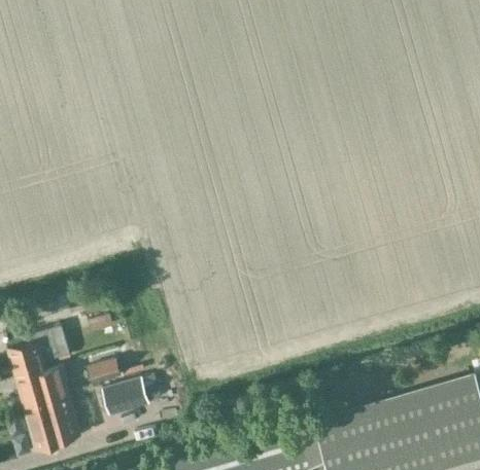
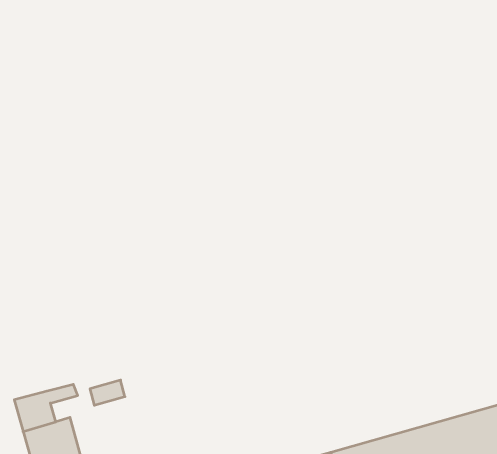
building: [7,328,70,382] -> none
building: [102,382,149,419] -> none

